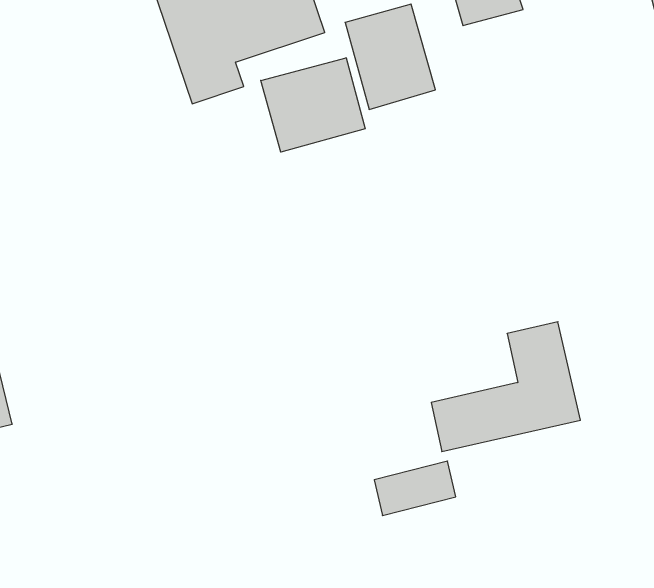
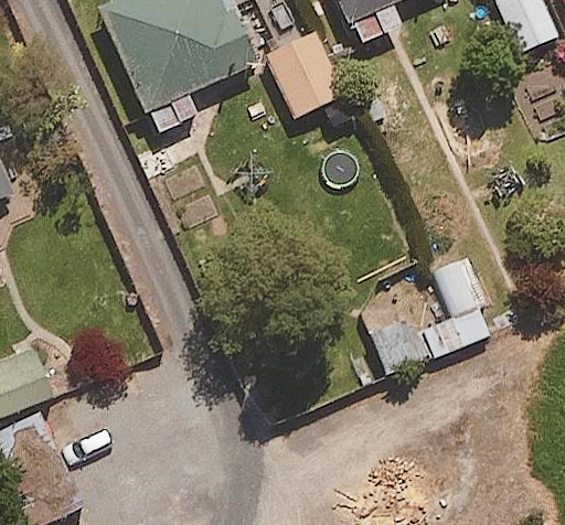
building: [261,58,365,152] -> none

